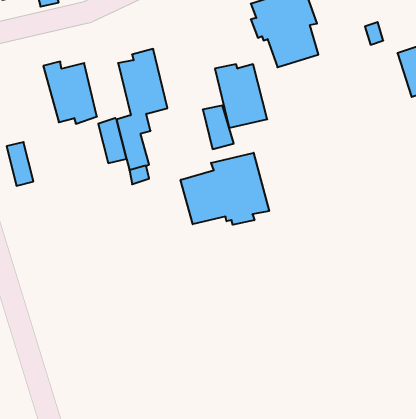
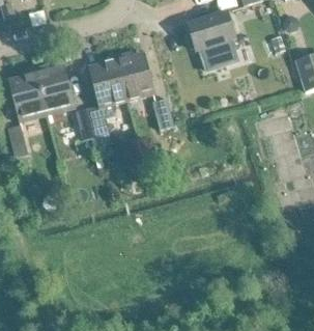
building: [215,64,267,128] -> [115,53,153,100]
building: none -> [8,68,46,120]
building: [181,153,269,225] -> none

